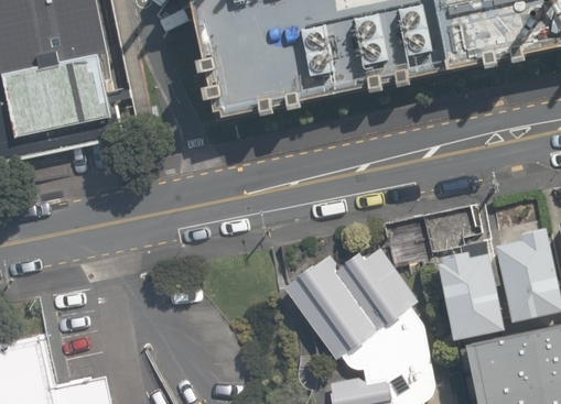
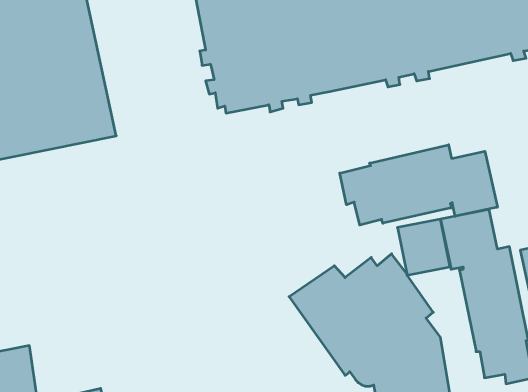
building: none -> [340,145,497,225]

